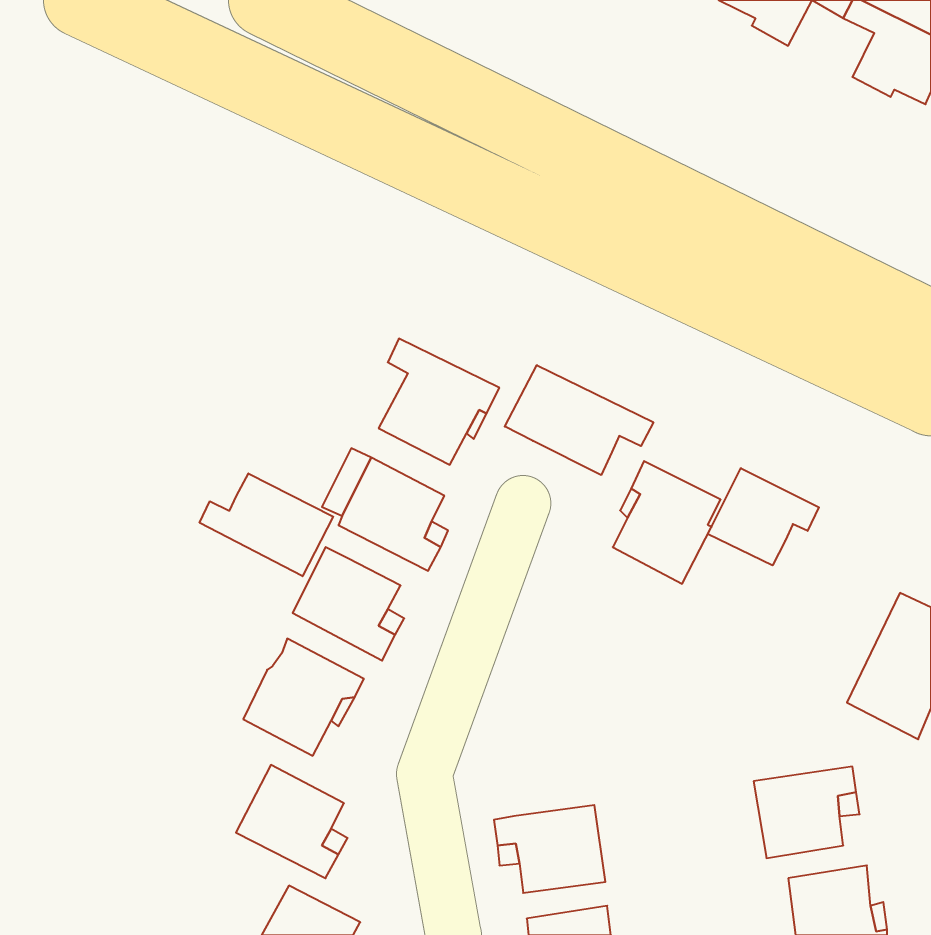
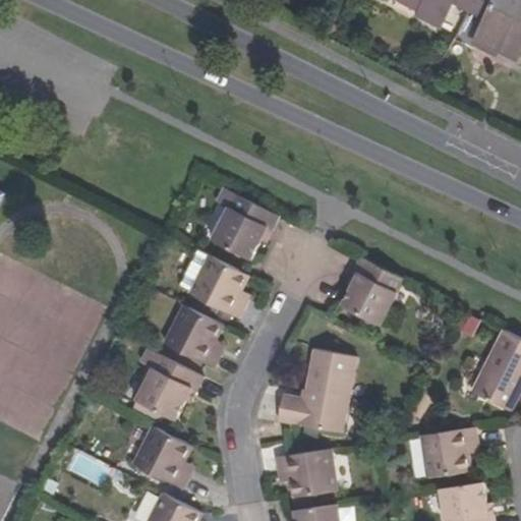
building: [505,365,653,475] -> none
building: [708,468,819,565] -> none
building: [200,473,333,576] -> none
building: none -> [277,347,355,432]

